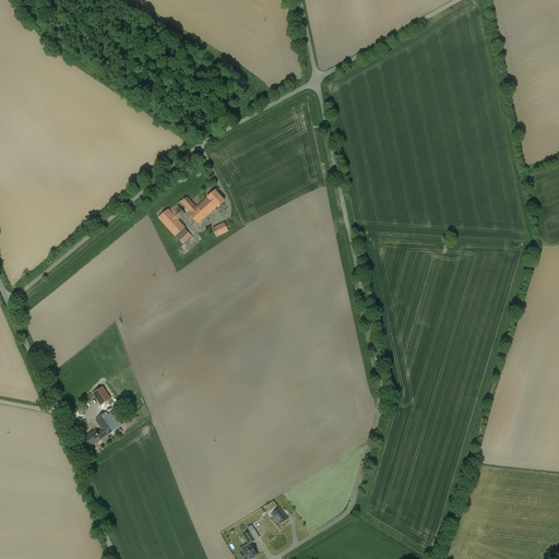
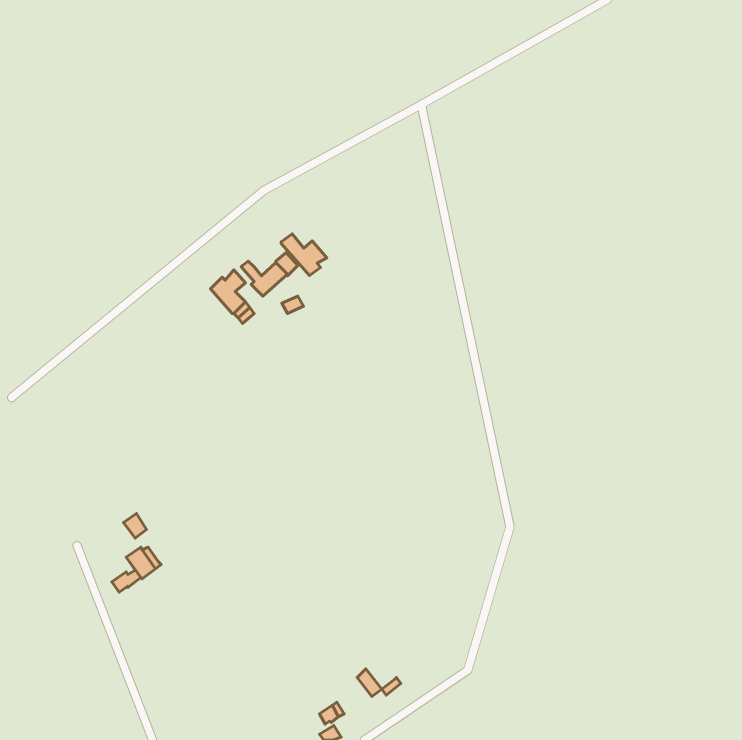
building: none -> [281,234,327,275]

